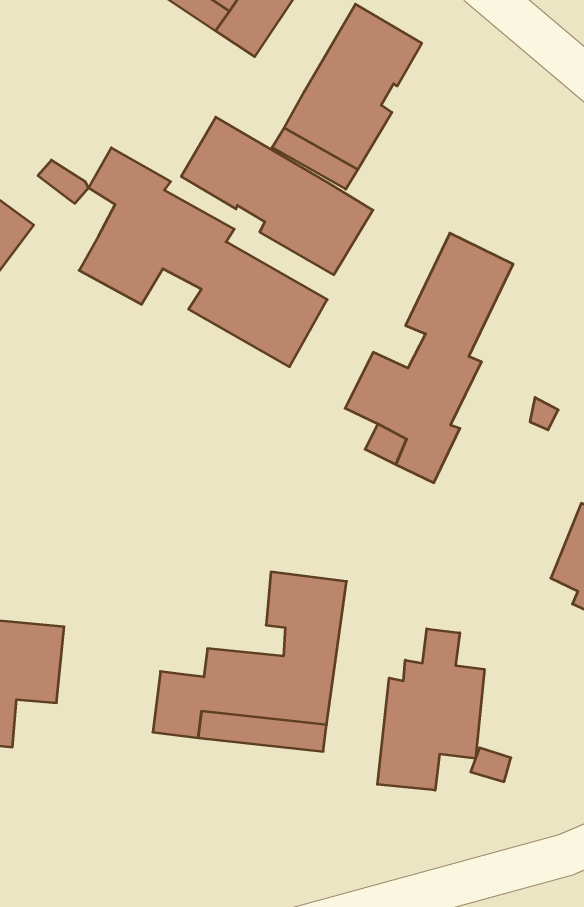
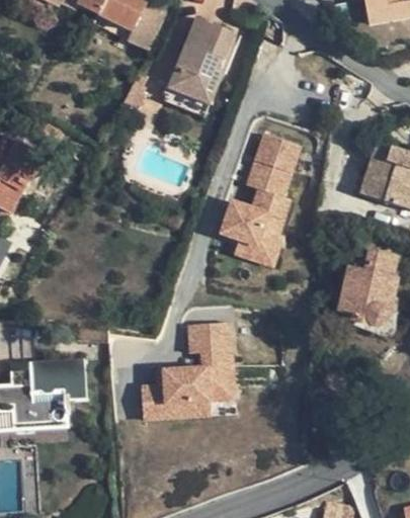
building: [181,117,373,275] -> none
building: [79,148,327,367] -> none
building: [377,629,484,790] -> none

